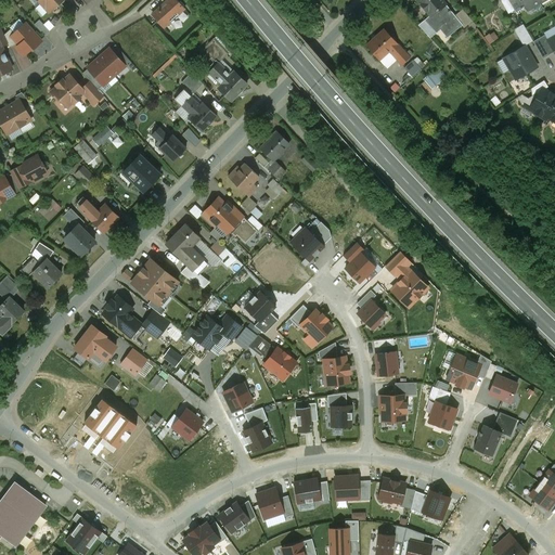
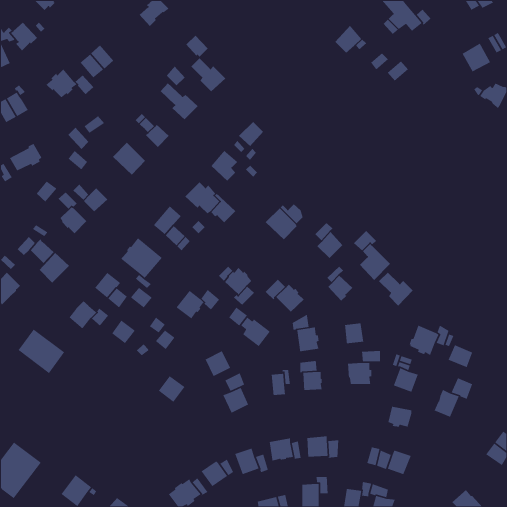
building: none -> [39,252,70,284]
building: none -> [378,272,413,306]
building: [85,399,137,449] -> [18,328,65,374]
building: [378,479,405,503] -> [387,406,412,428]

